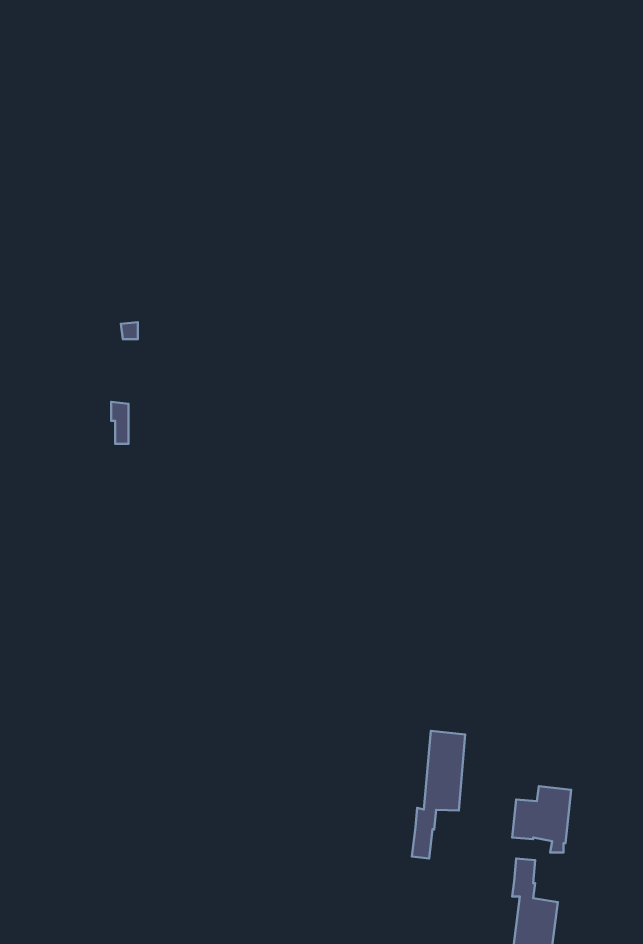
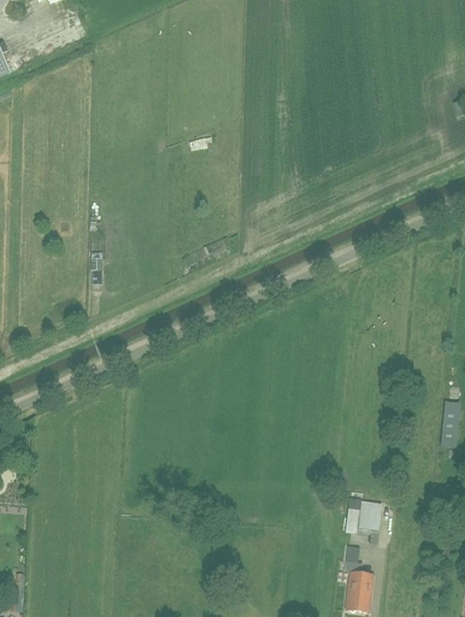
building: [412,731,465,858] -> none

